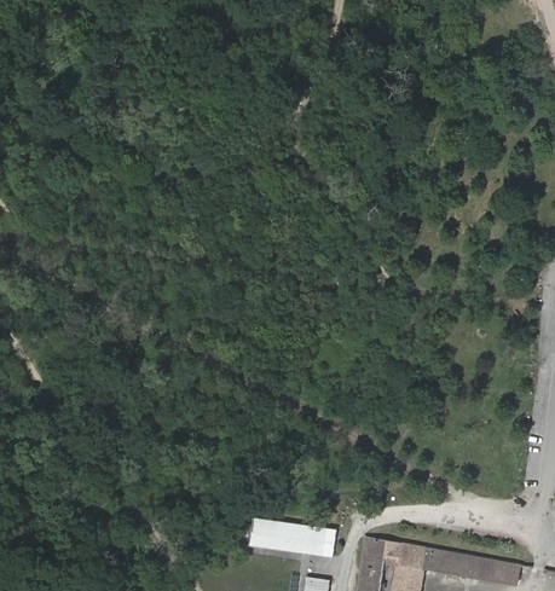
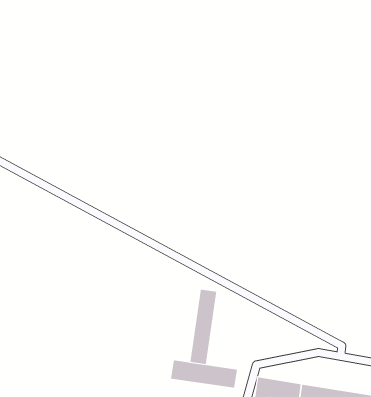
building: none -> [190,289,217,365]

